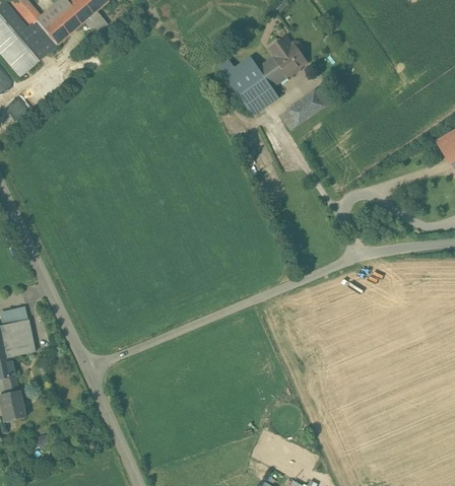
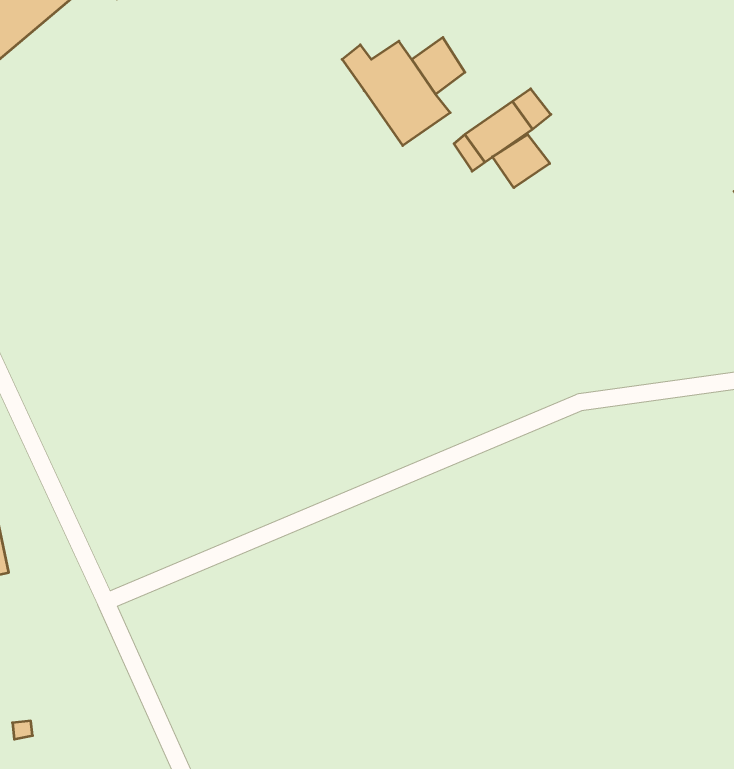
building: [271,40,307,75] -> none
building: none -> [492,134,550,188]

